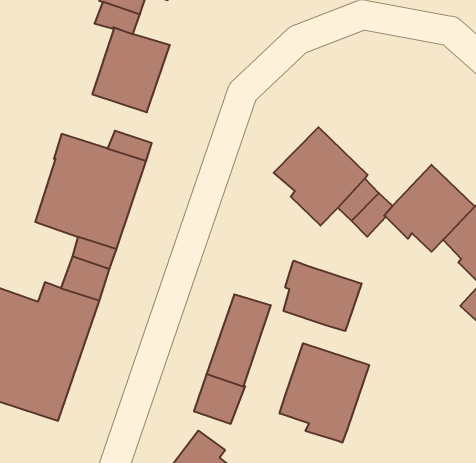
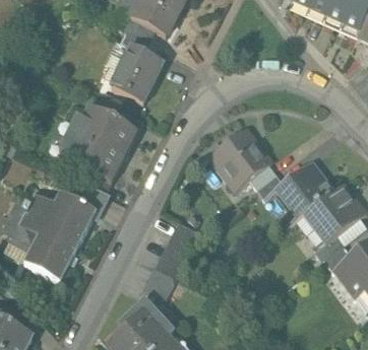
building: [284,261,362,331] -> none
building: [280,343,369,443] -> none

